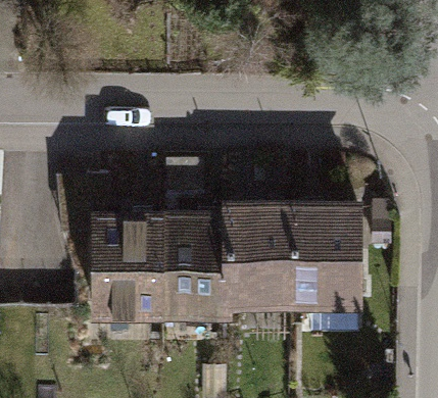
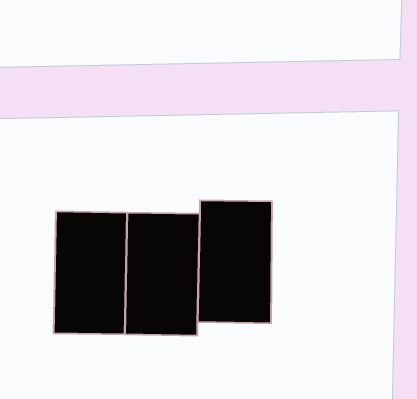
building: [293,199,361,311] -> none

